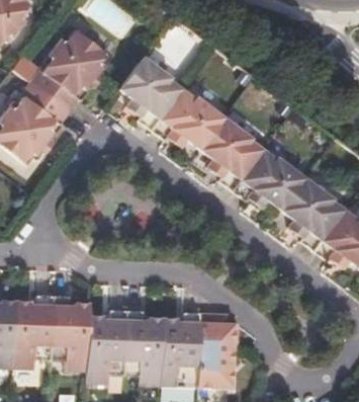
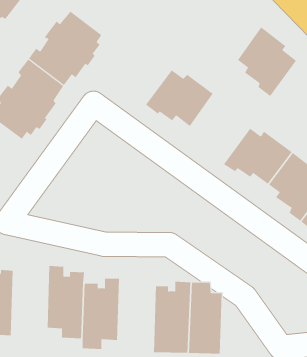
building: [121,59,182,129] -> none
building: [201,117,263,190] -> [237,27,297,97]
building: [16,296,55,370] -> none
building: [126,309,165,386] -> none

